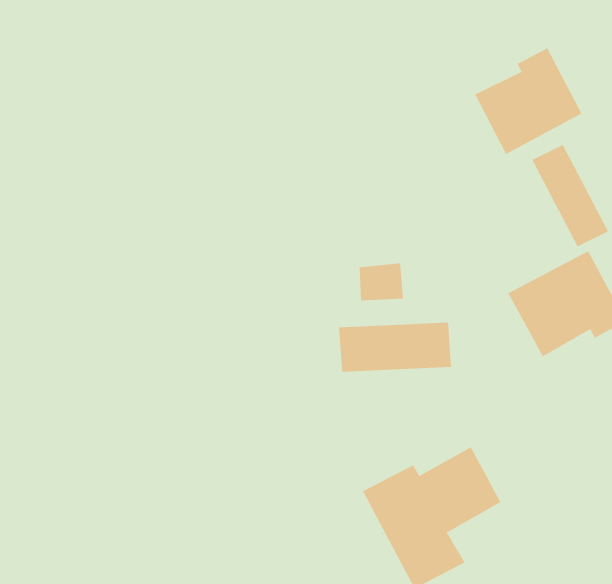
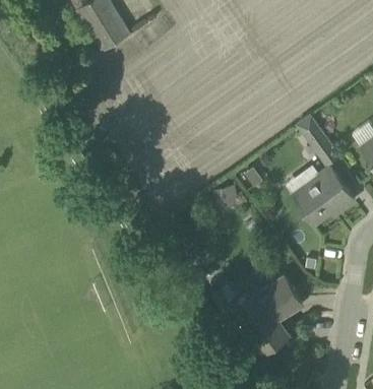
building: [474,47,582,155] -> none
building: [339,322,452,372] -> none

